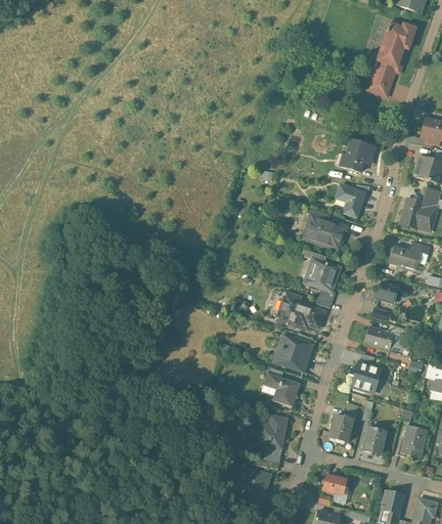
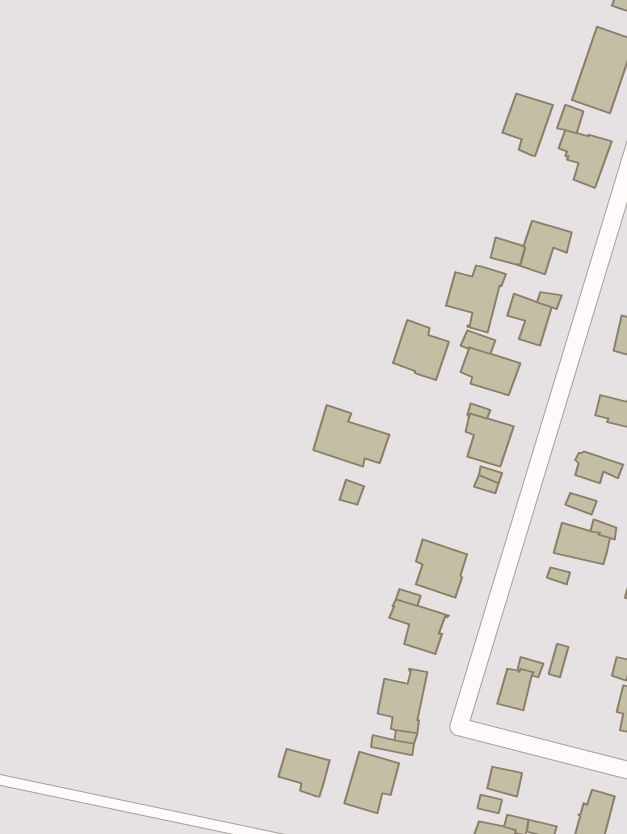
building: none -> [502,94,553,156]
building: none -> [446,265,506,333]
building: none -> [393,320,449,380]
building: [277,292,324,330] -> [313,405,390,467]
building: [352,361,383,393] -> none
building: [362,427,386,453] -> none
building: none -> [279,749,330,797]

